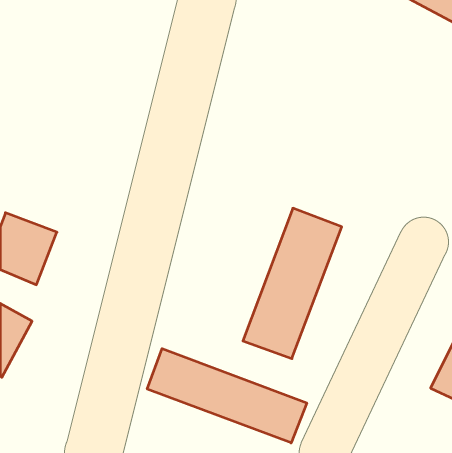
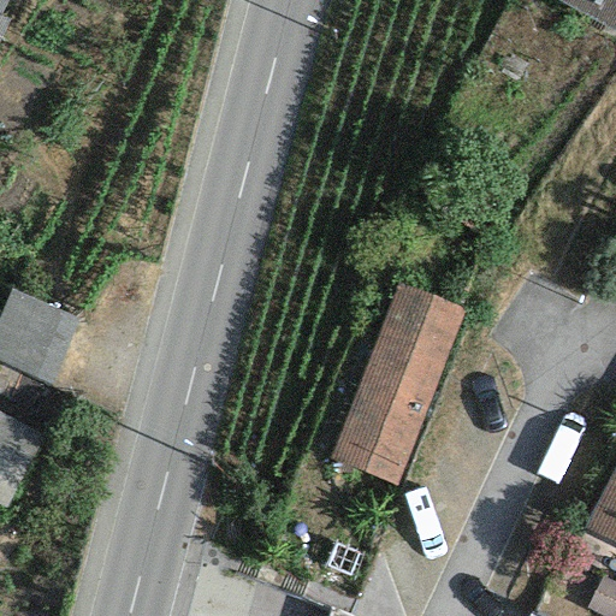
building: [147,349,307,443] -> none

